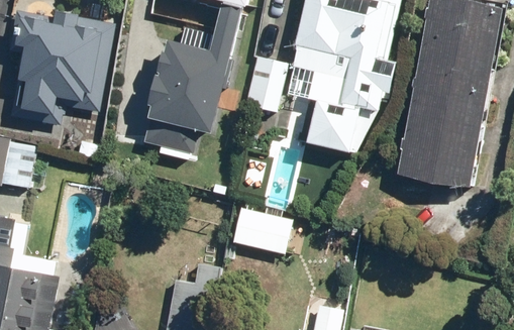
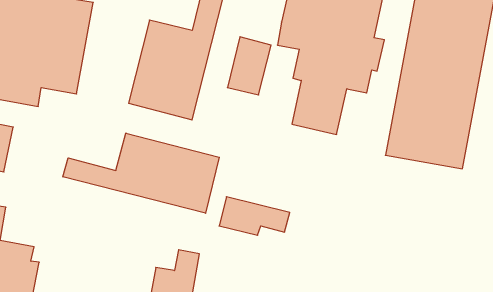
building: none -> [63,133,219,213]

